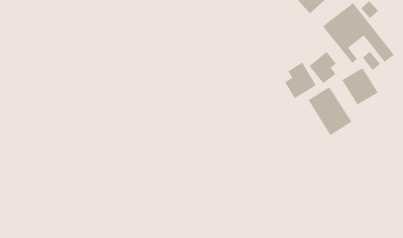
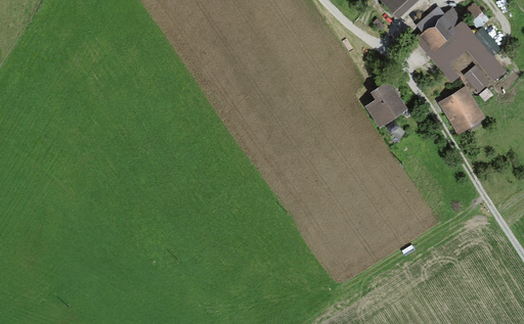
building: [308,51,337,84] -> none
building: [308,86,352,136] -> none

